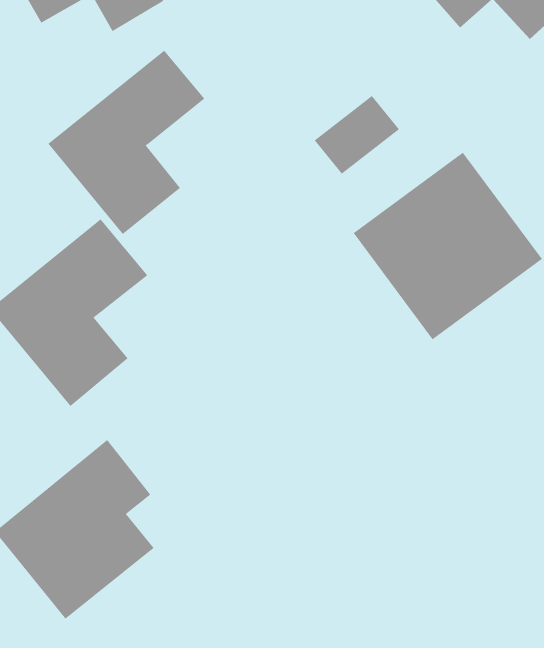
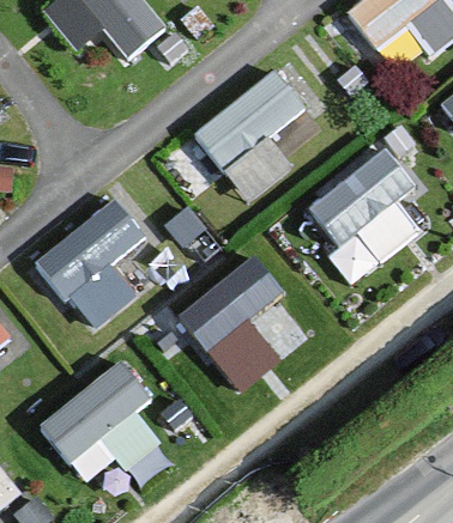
building: [48,50,205,235] -> [193,66,309,202]
building: none -> [175,256,309,389]

